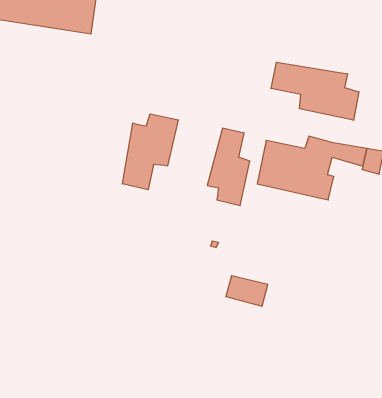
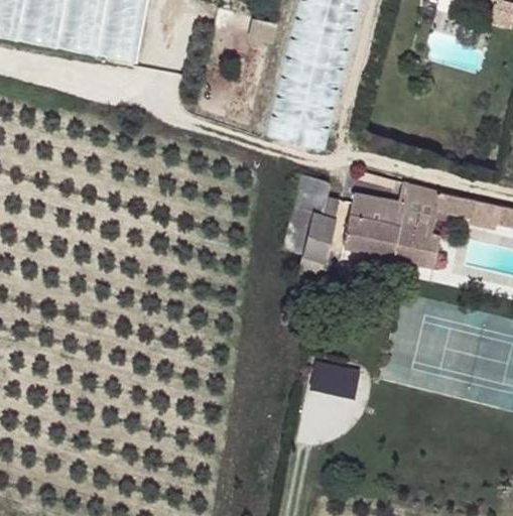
building: [271,62,359,120] -> none
building: [122,114,178,190] -> none

